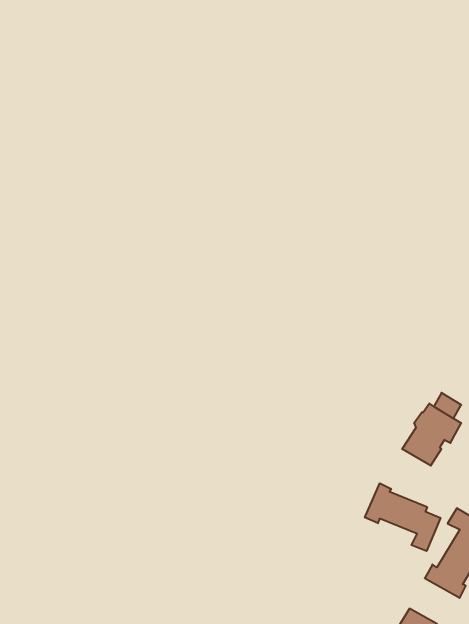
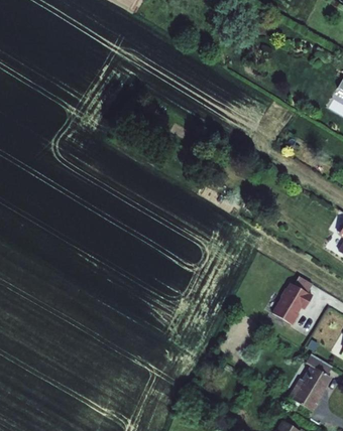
building: [365,483,440,551] -> none

